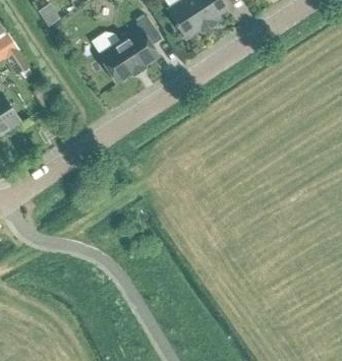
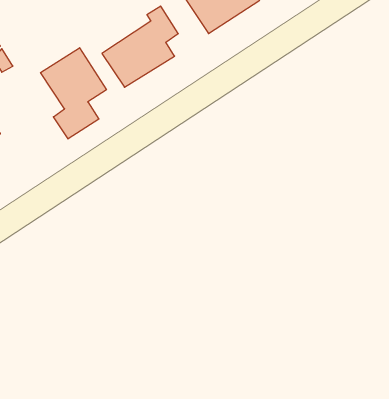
building: none -> [41,48,106,139]

